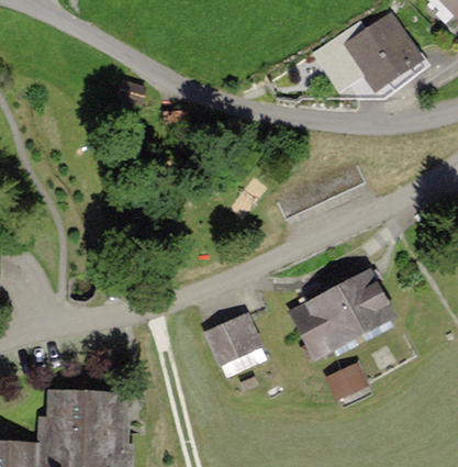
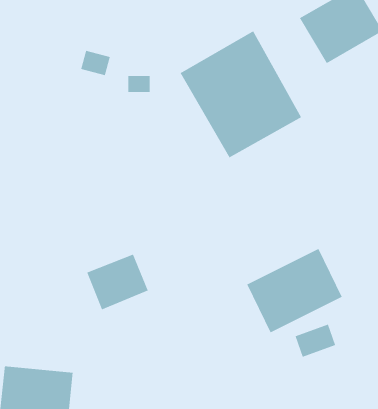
building: none -> [180,30,302,159]
building: [201,311,264,368] -> [86,253,149,311]

